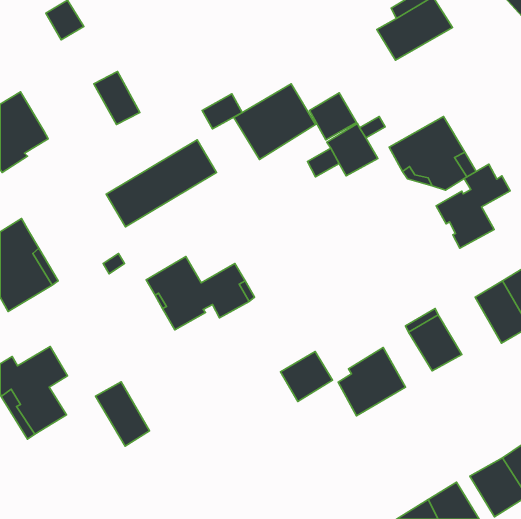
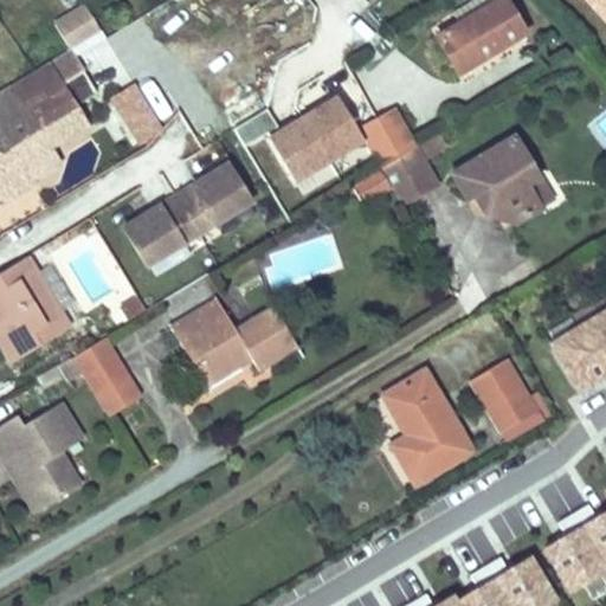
building: none -> [12,49,101,152]
building: [436,164,510,248] -> none
building: [281,351,333,401] -> [385,369,445,427]
building: [95,382,150,446] -> [75,336,137,411]

